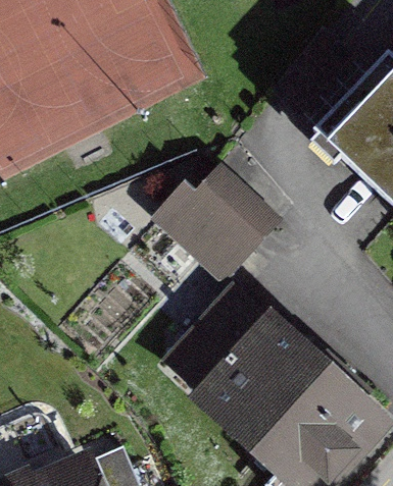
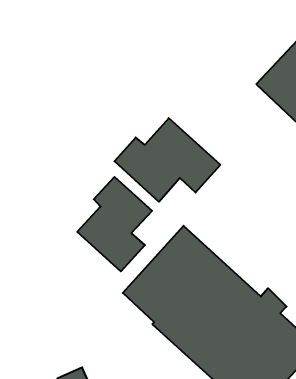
building: none -> [77,177,152,271]

